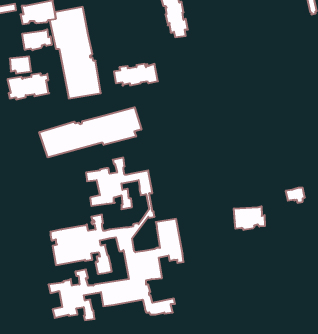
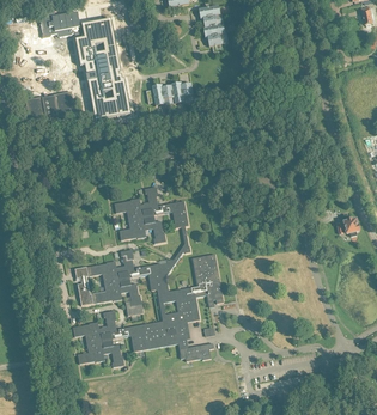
building: [22,29,52,50] -> none
building: [39,107,141,157] -> none
building: [234,206,265,230] -> none

